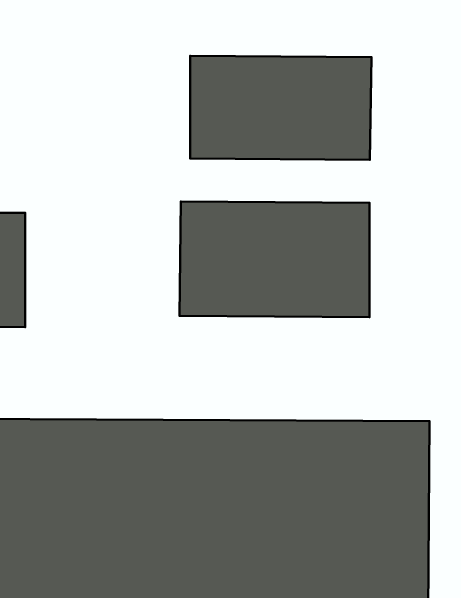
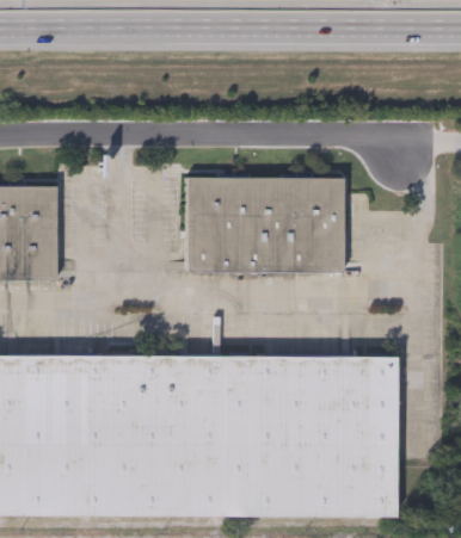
building: [190,56,372,160] -> none

